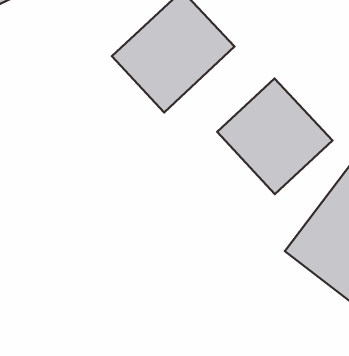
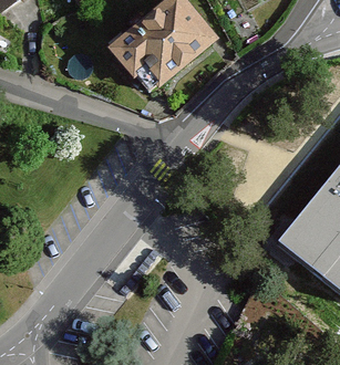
building: [217,78,332,194] -> none

